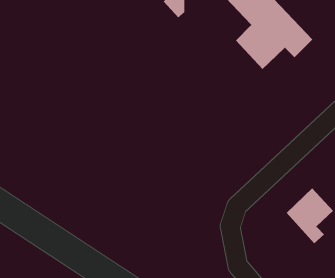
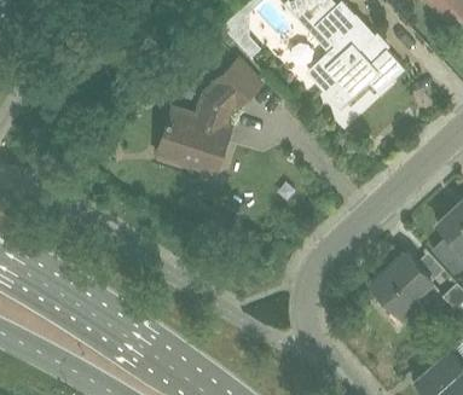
building: none -> [160,60,260,174]

